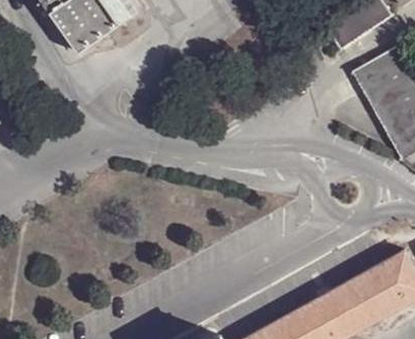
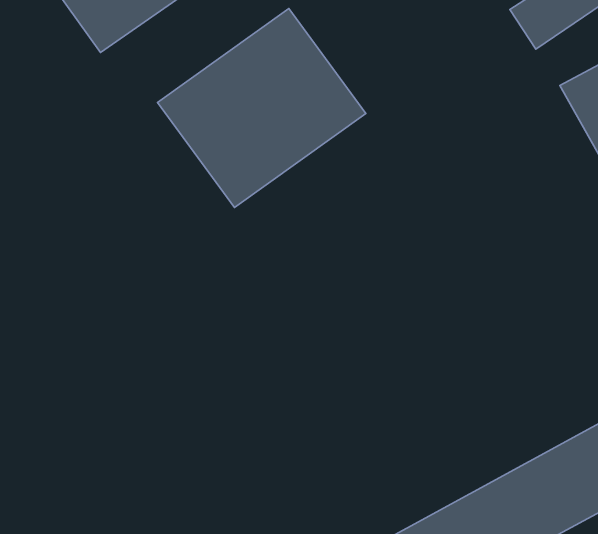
building: none -> [158,8,366,207]

